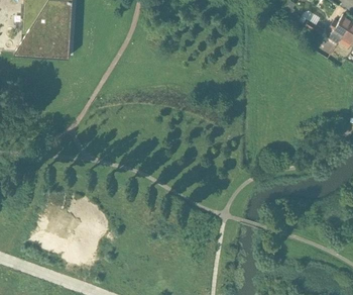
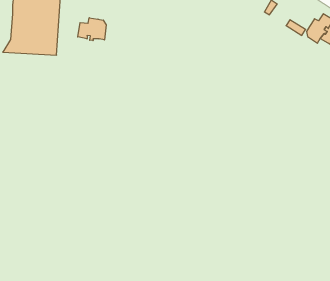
building: none -> [78,18,106,41]

